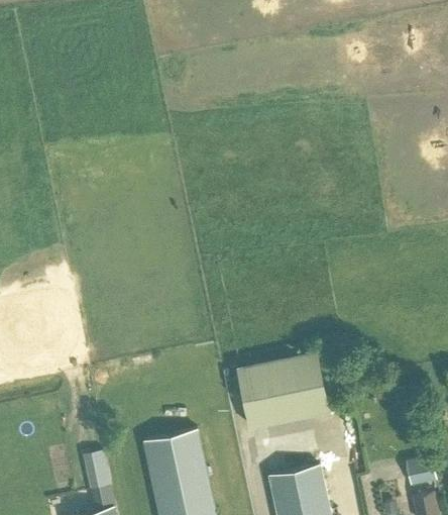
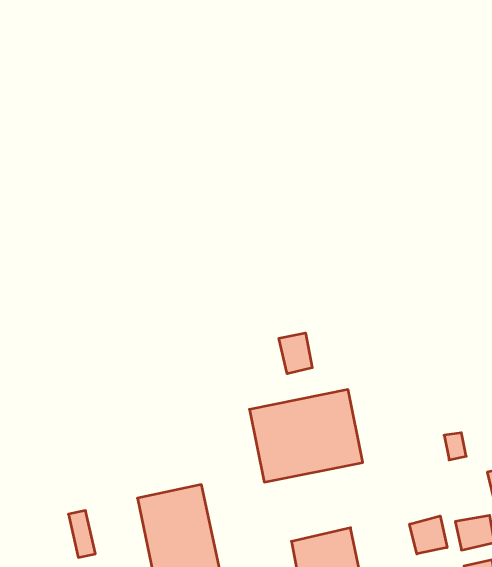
building: none -> [279,333,312,374]
building: none -> [410,516,447,554]

